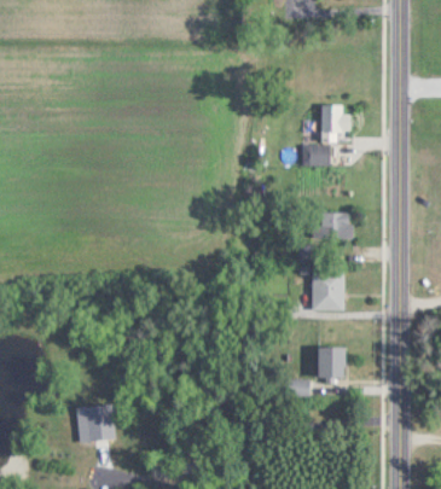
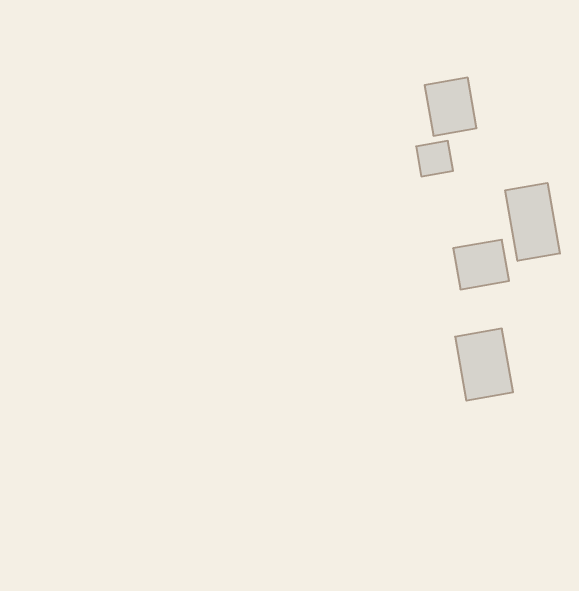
building: none -> [505,183,560,261]
building: [318,348,344,378] -> none

